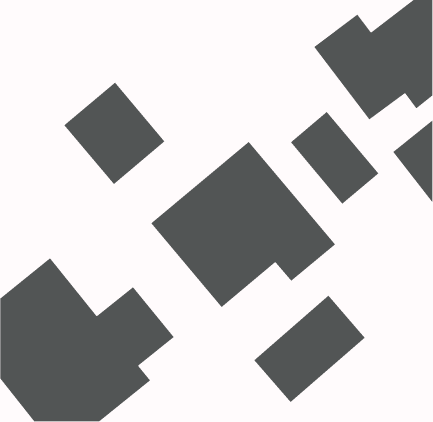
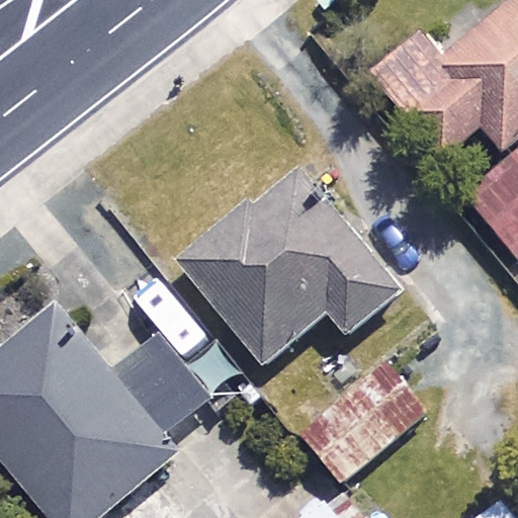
building: [63,81,166,185] -> none
building: [290,111,379,205] -> none

